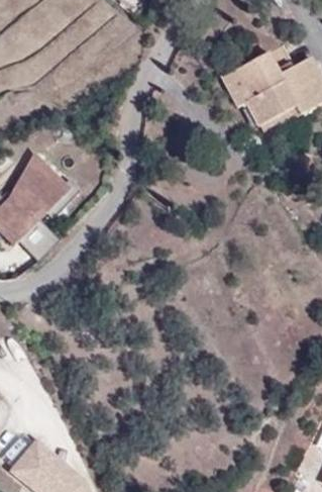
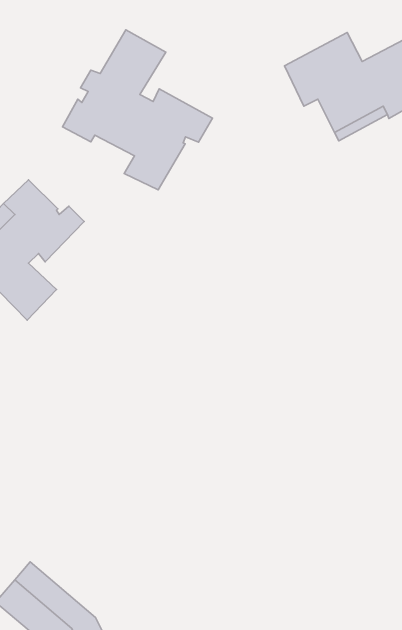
building: none -> [63,30,213,190]

